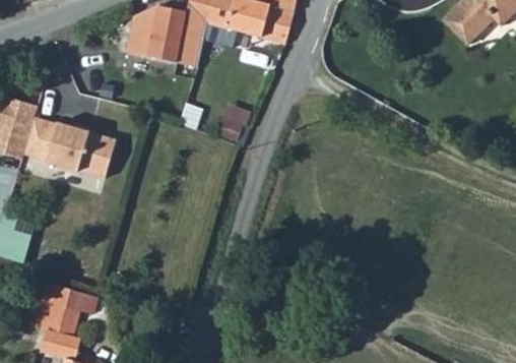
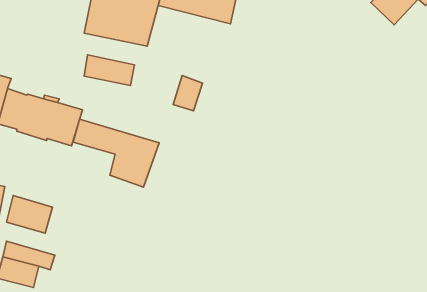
building: none -> [84,55,135,86]
building: none -> [73,119,159,187]
building: none -> [7,196,52,233]

